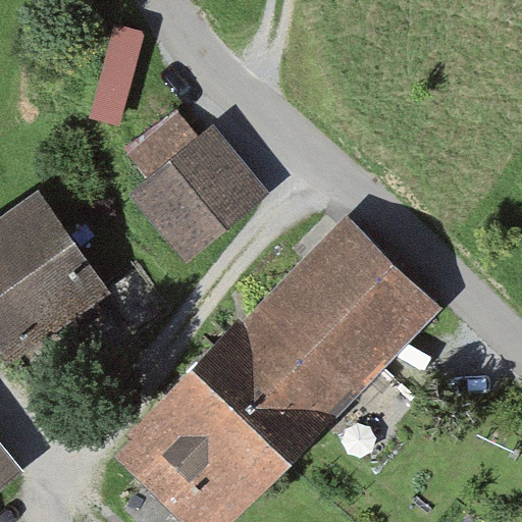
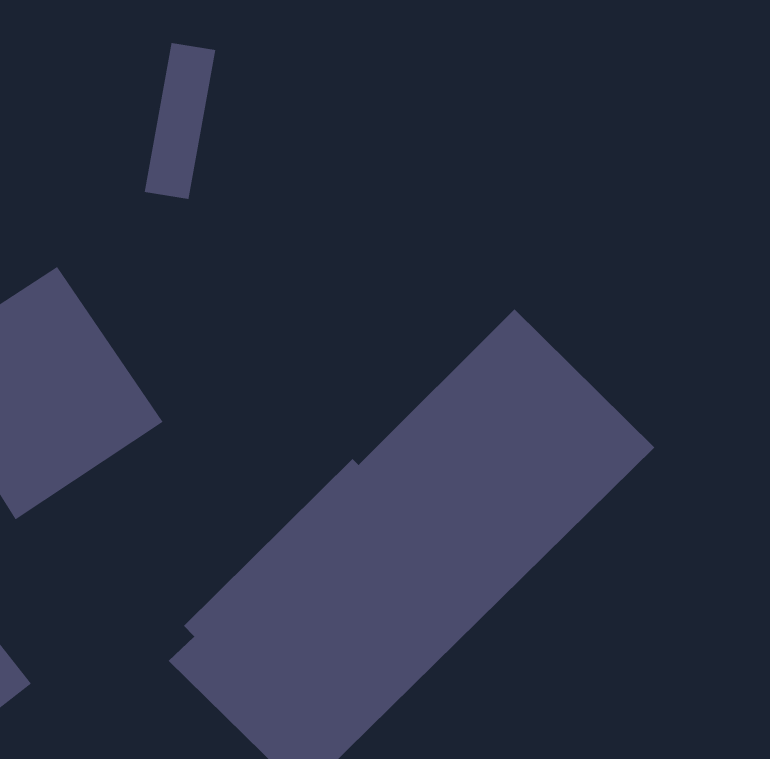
building: [127,127,268,263] -> none

